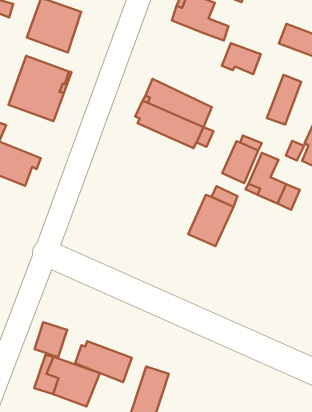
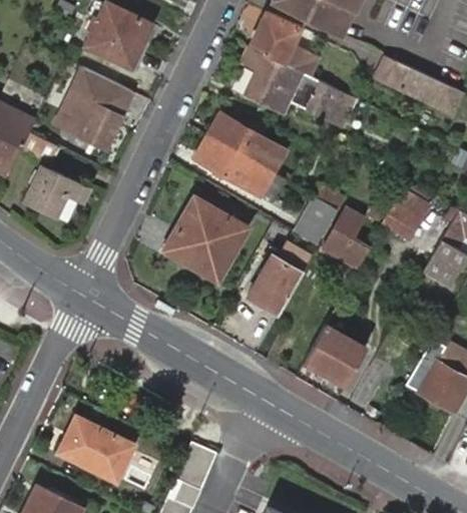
building: none -> [247,46,308,115]
building: [267,75,301,124] -> none
building: none -> [171,196,251,276]
building: none -> [301,326,364,387]
building: [35,322,67,357] -> none
building: [75,341,132,382] -> none

